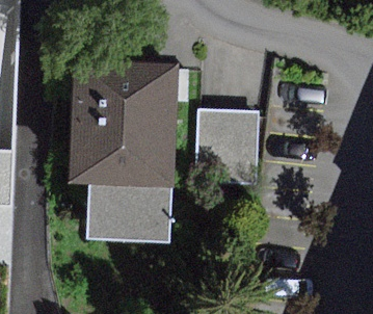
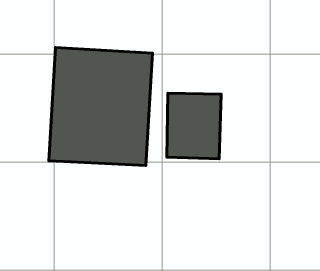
building: [89,186,175,244] -> none

